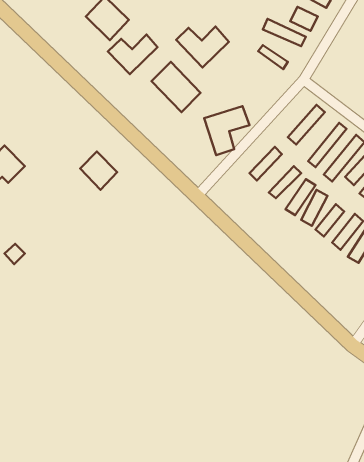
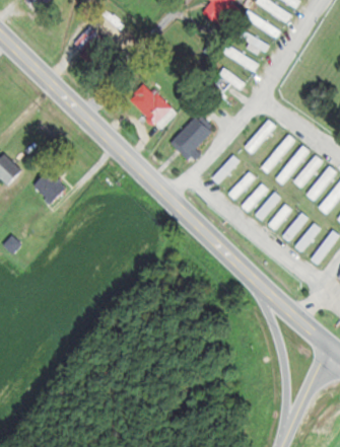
building: [176,27,229,67] -> none
building: [108,35,157,74] -> none
building: [80,152,117,190] -> [33,171,65,204]

